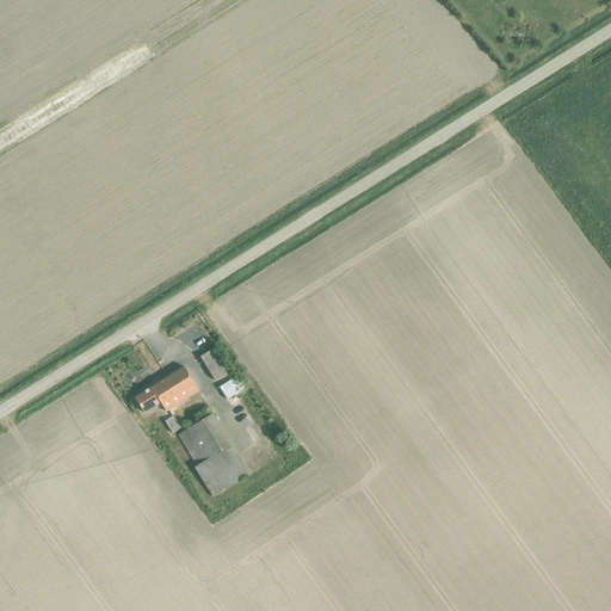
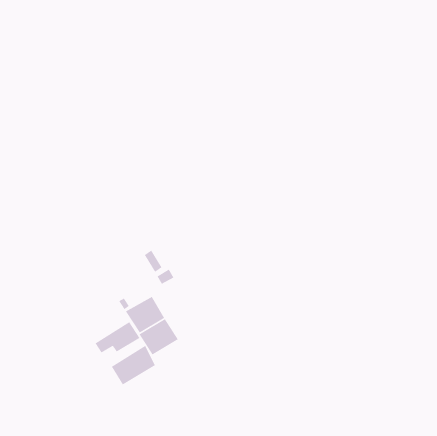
building: [135,366,199,412] -> [94,321,141,354]
building: none -> [111,345,156,385]

